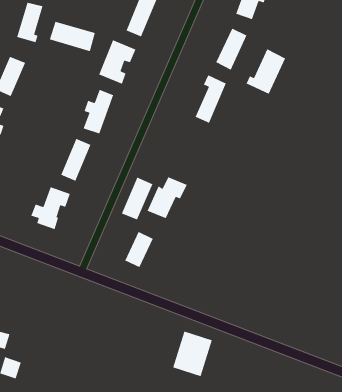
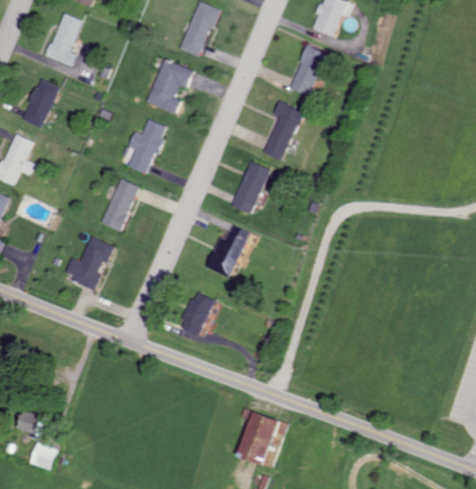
building: [49,21,96,52] -> none
building: [246,48,286,95] -> none
building: [121,176,153,220] -> [231,161,270,214]

